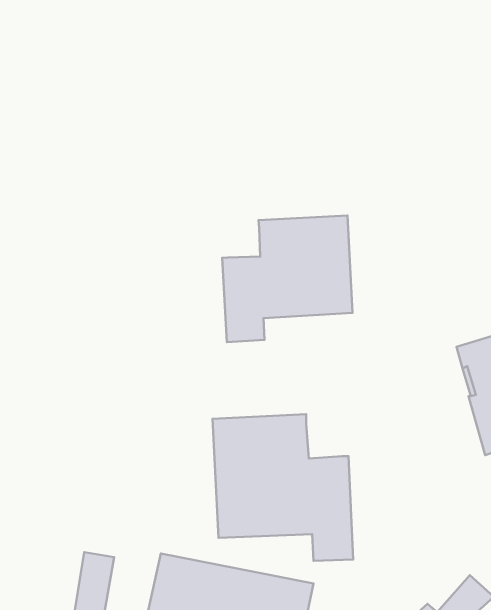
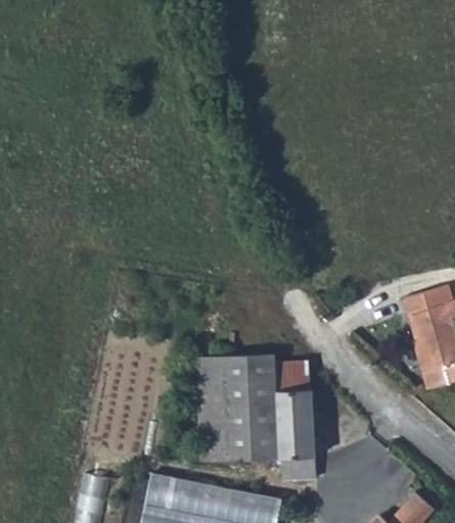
building: [222,216,353,342] -> none
building: none -> [276,361,307,392]

